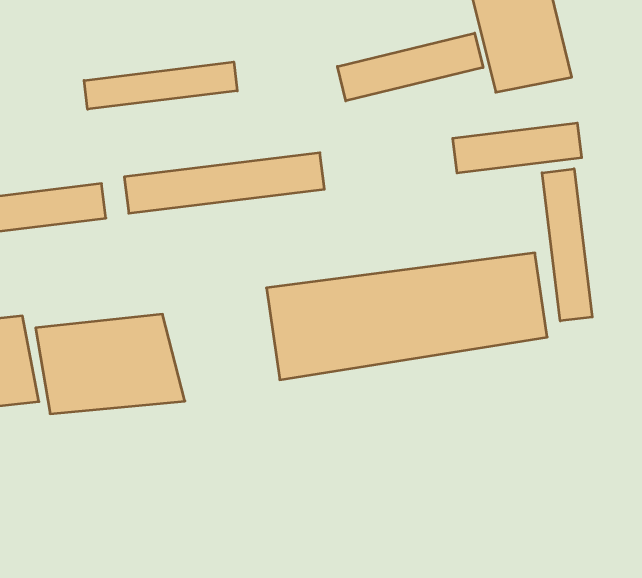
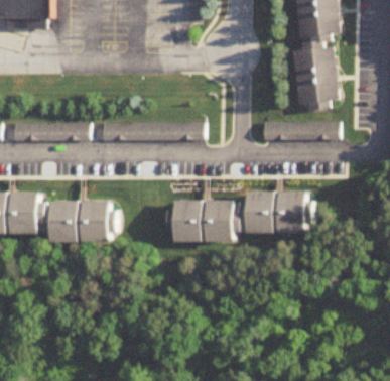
building: [337,33,483,101] -> none
building: [84,62,237,109] -> none
building: [542,169,592,321] -> none

